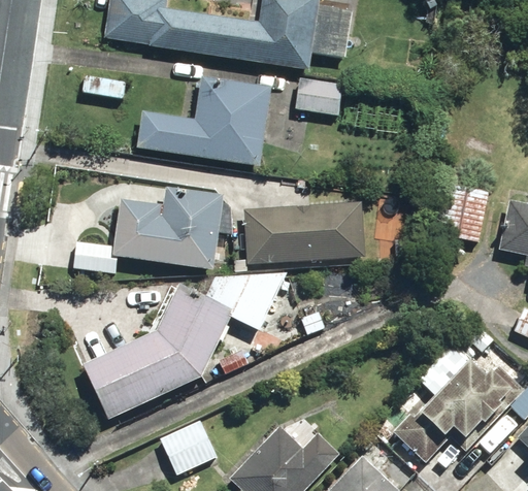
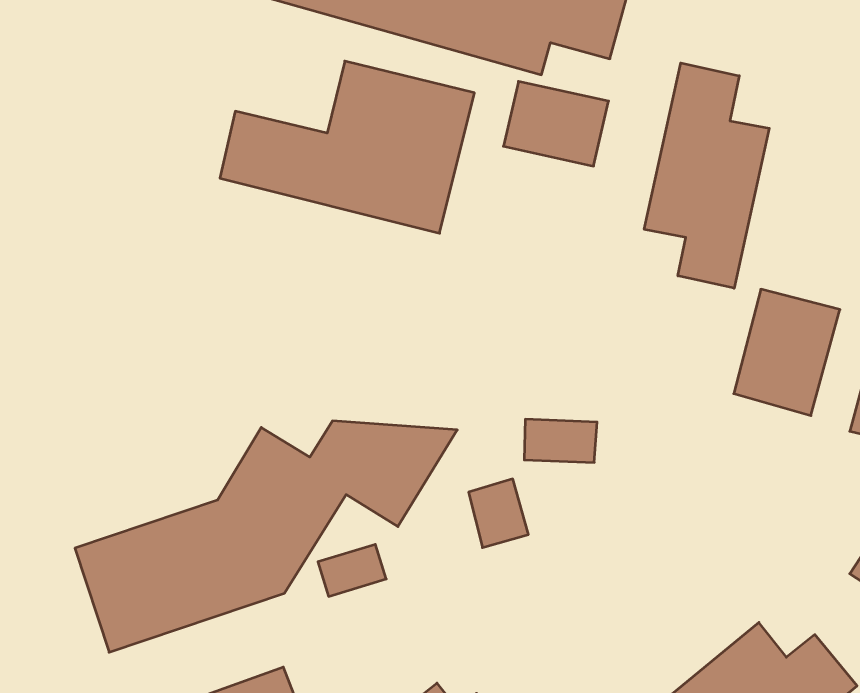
building: none -> [644,63,769,288]
building: [74,190,222,274] -> none
building: [244,201,370,262] -> none

